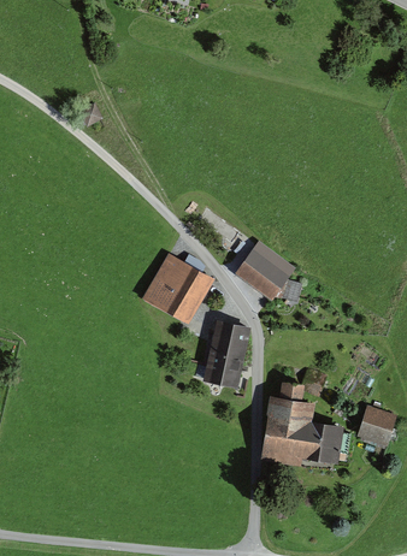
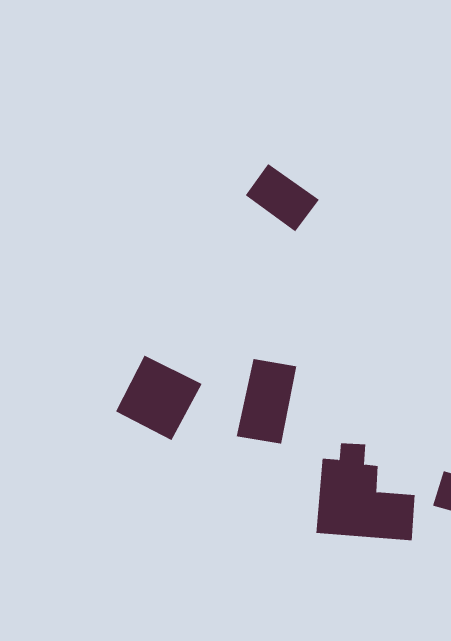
building: [235,246,294,300] -> [245,163,320,232]
building: [144,254,213,321] -> [115,355,203,441]

